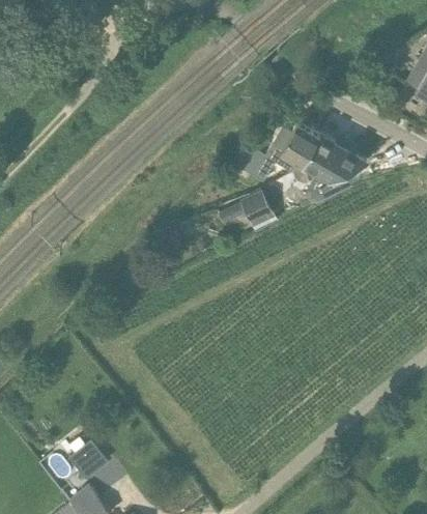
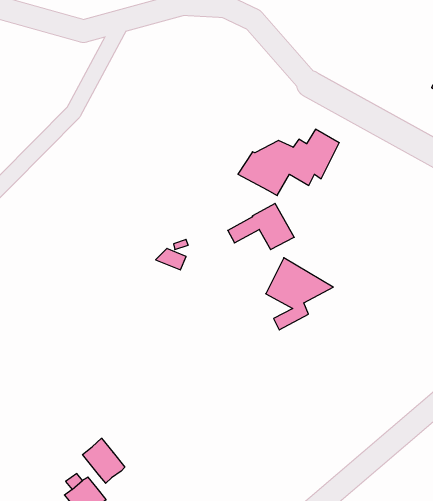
building: [304,135,366,201] -> [266,258,333,330]
building: none -> [83,438,125,483]

